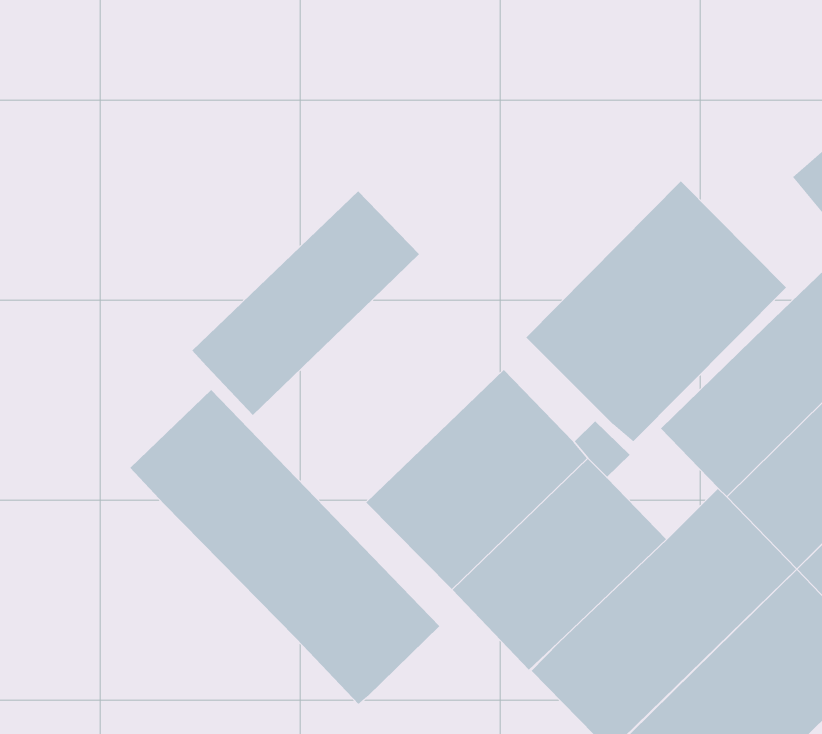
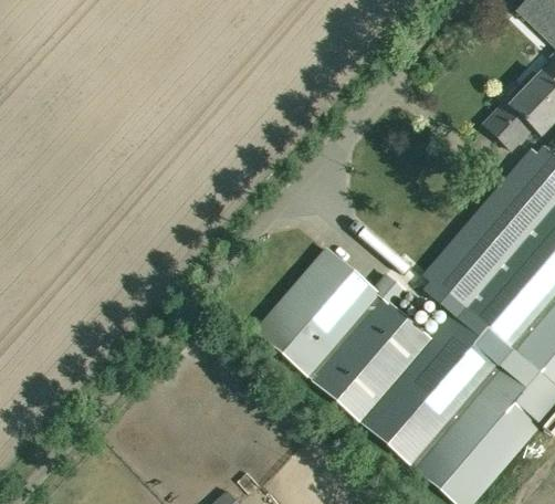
building: [525,180,787,442] -> none
building: [192,191,420,416] -> none
building: [130,389,440,705] -> none

